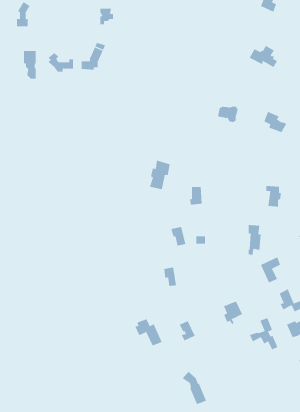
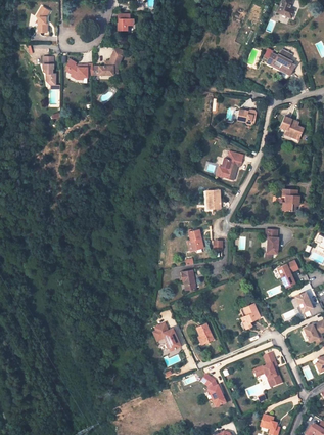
building: [149,160,171,190] -> [220,151,241,181]
building: [249,317,278,350] -> [253,354,282,387]

